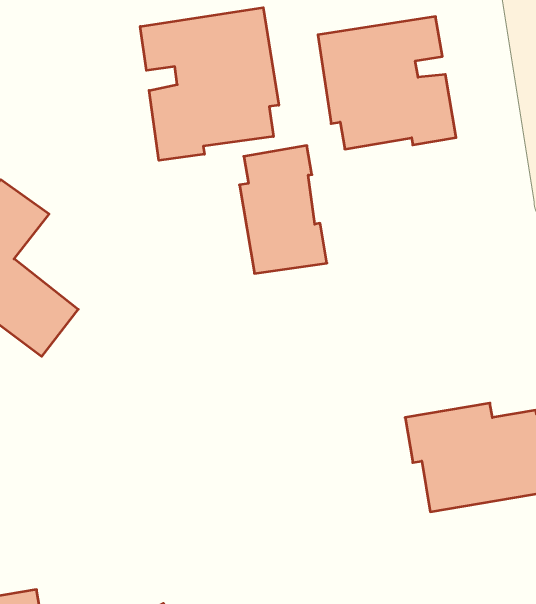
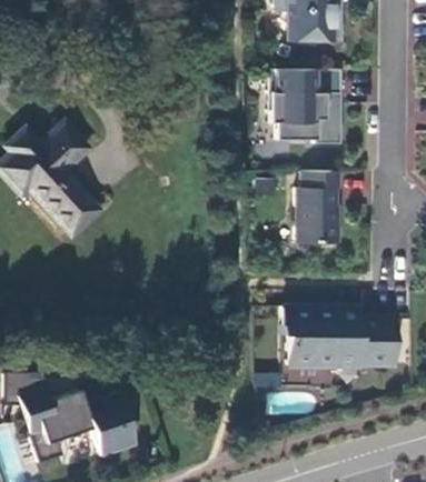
building: [140,8,279,160] -> none
building: [239,146,327,273] -> [298,173,343,245]

